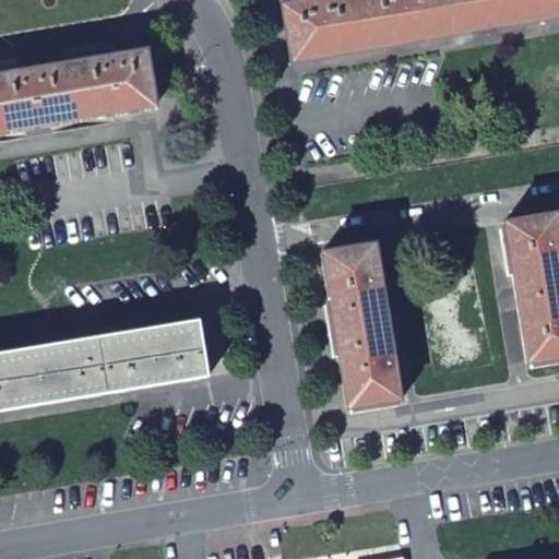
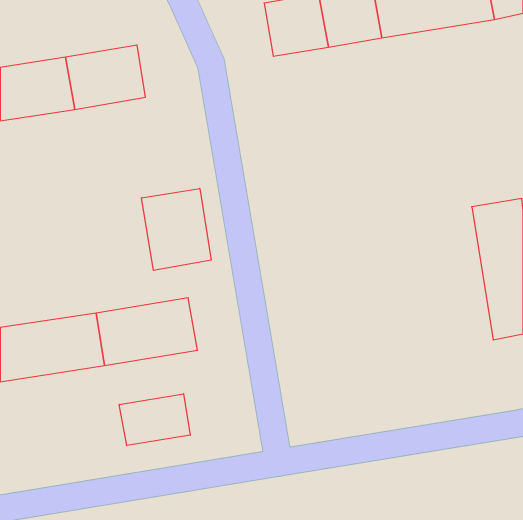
building: none -> [141,188,211,270]
building: [321,242,400,407] -> none
building: none -> [119,394,190,446]

